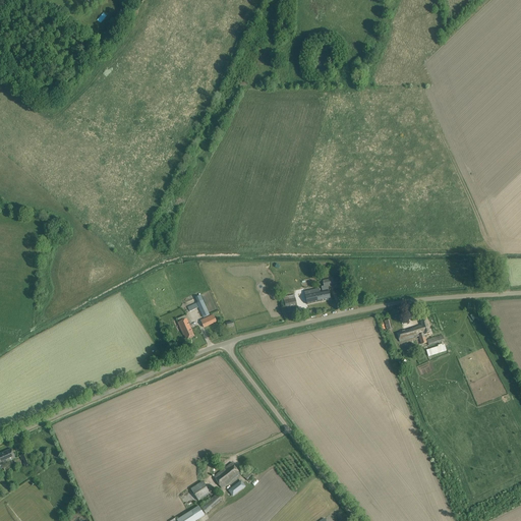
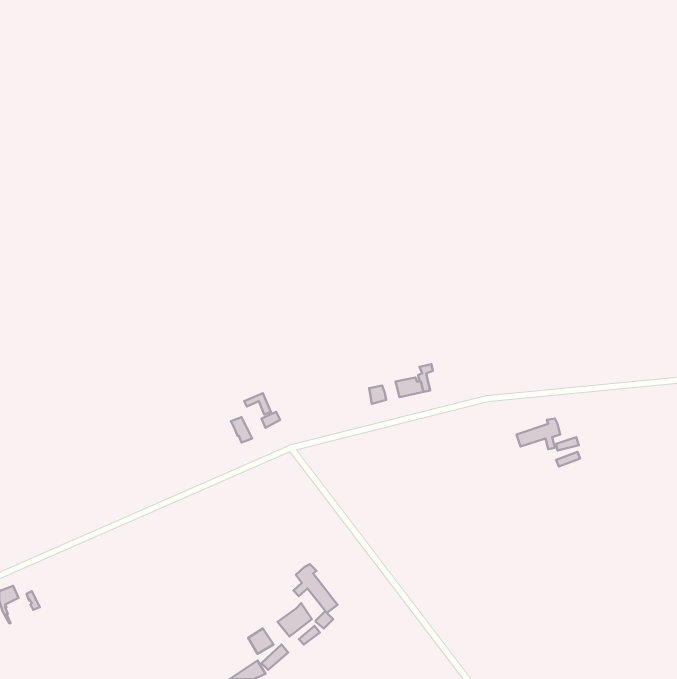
building: none -> [293,564,337,613]

